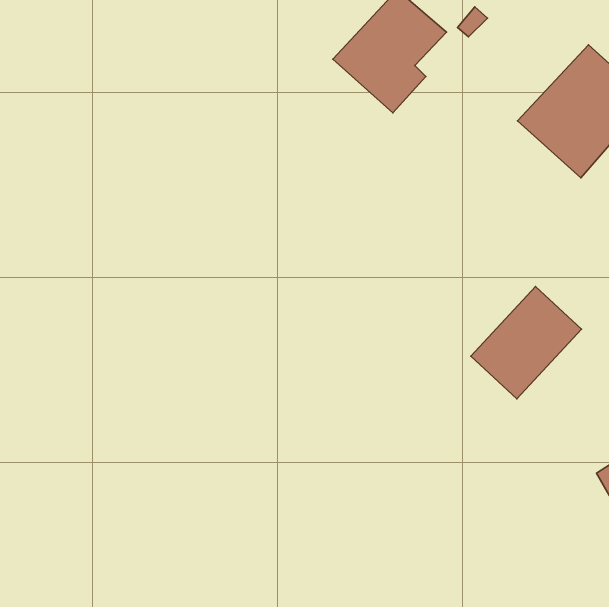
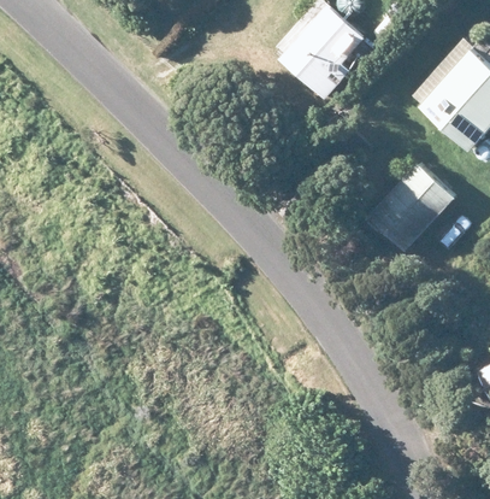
building: [471,287,581,399] -> [368,165,453,251]

